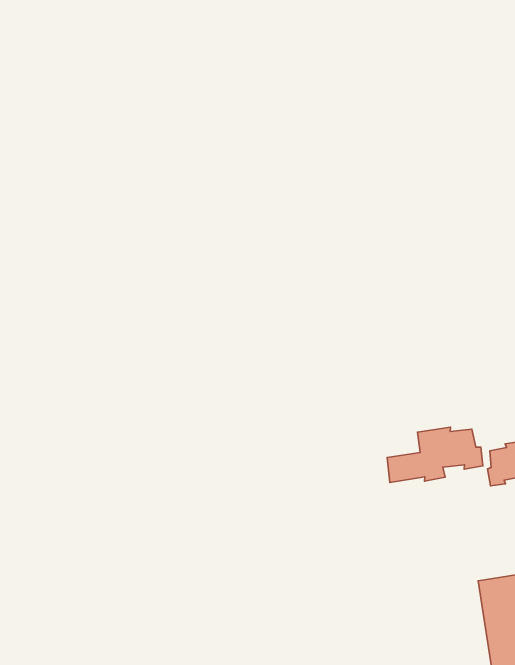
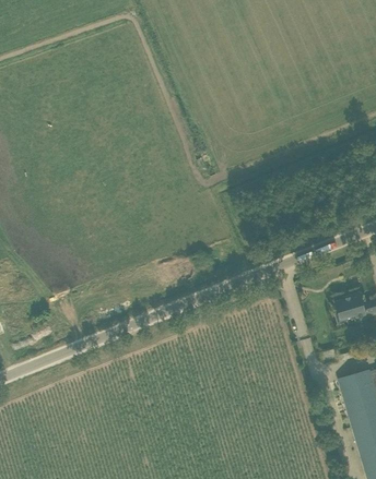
building: [387,427,483,483] -> none

